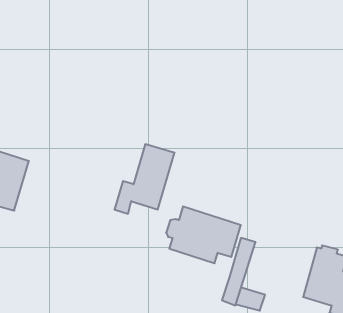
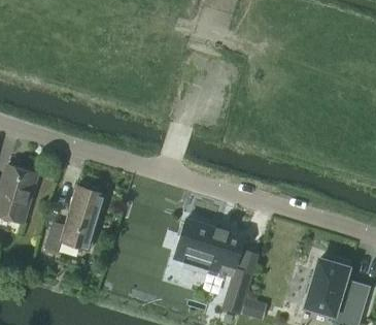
building: [114,144,175,214] -> [45,186,104,254]

